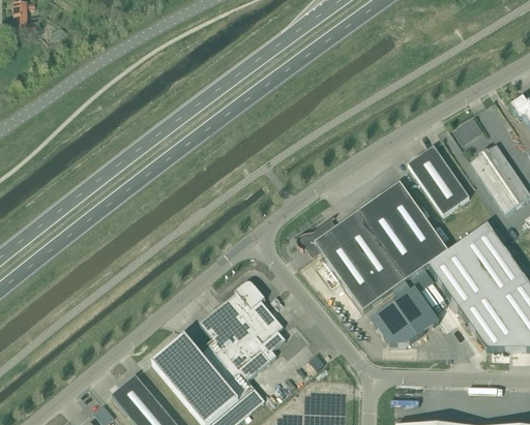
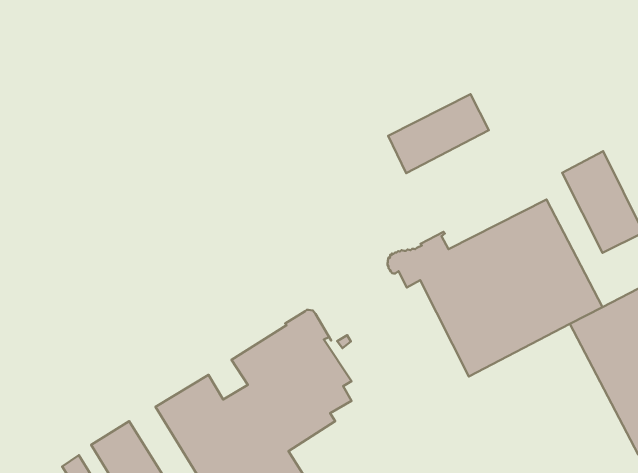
building: none -> [388,94,489,173]
building: [372,286,439,343] -> none

